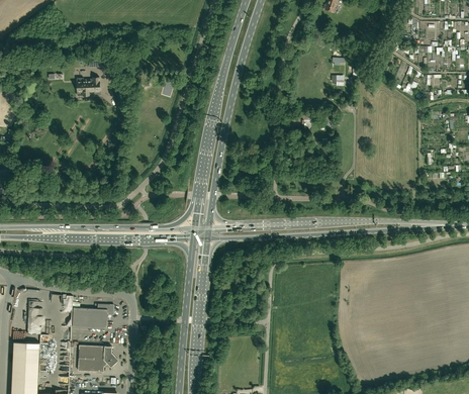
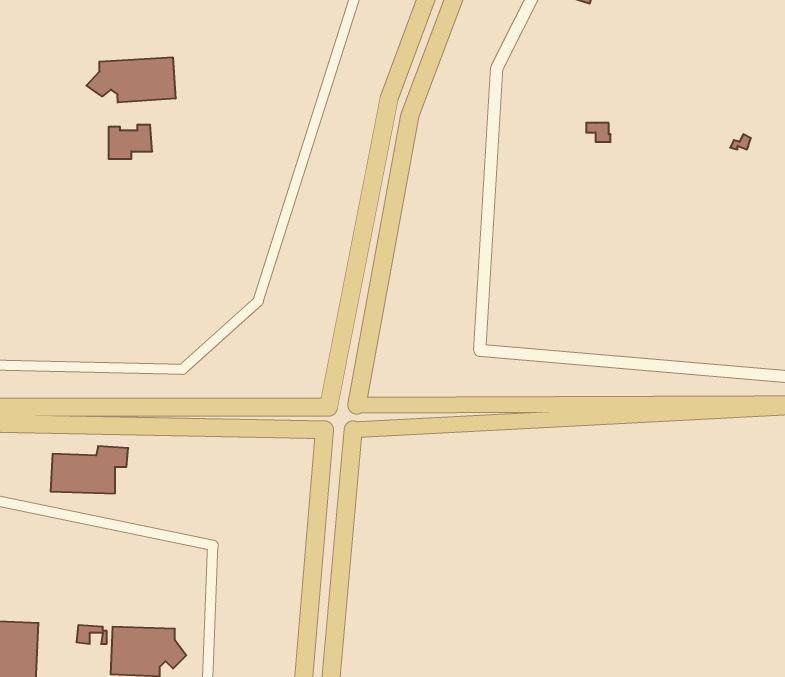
building: none -> [86,57,176,103]
building: [72,304,113,329] -> [51,446,128,493]

